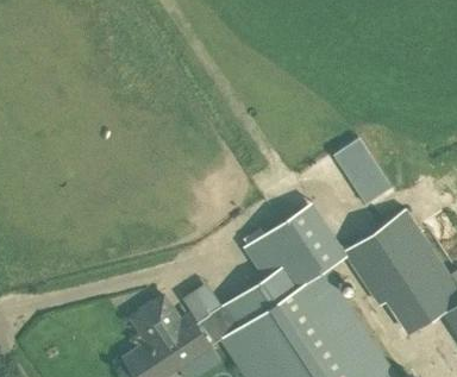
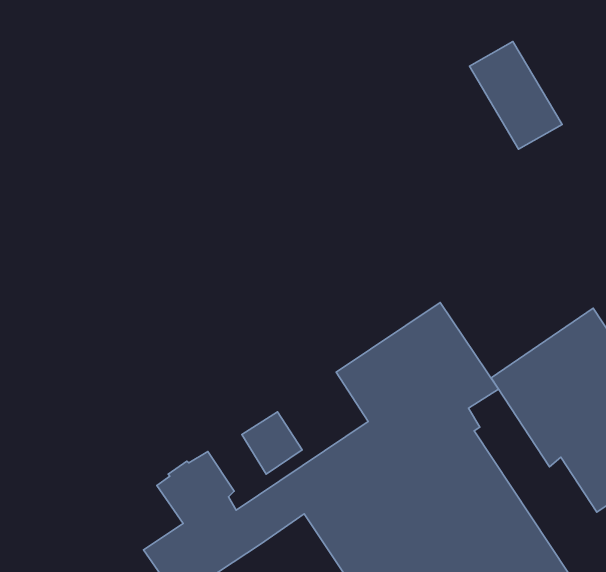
building: [337,132,395,200] -> [470,41,562,149]

